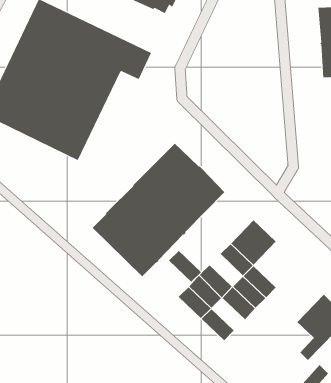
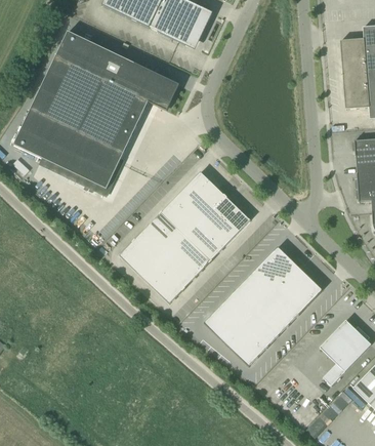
building: none -> [278,268,323,313]
building: [168,250,202,283] -> [235,280,267,312]
building: none -> [237,323,269,355]

